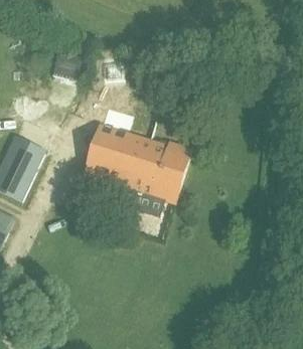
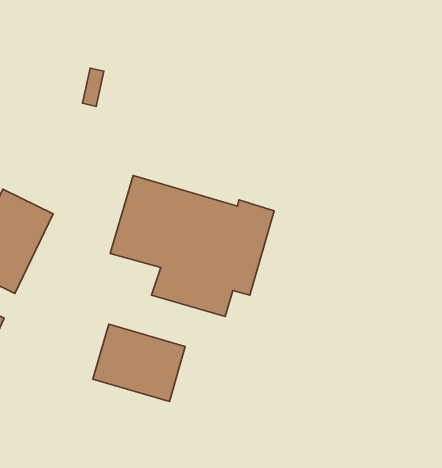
building: none -> [93,324,185,401]

